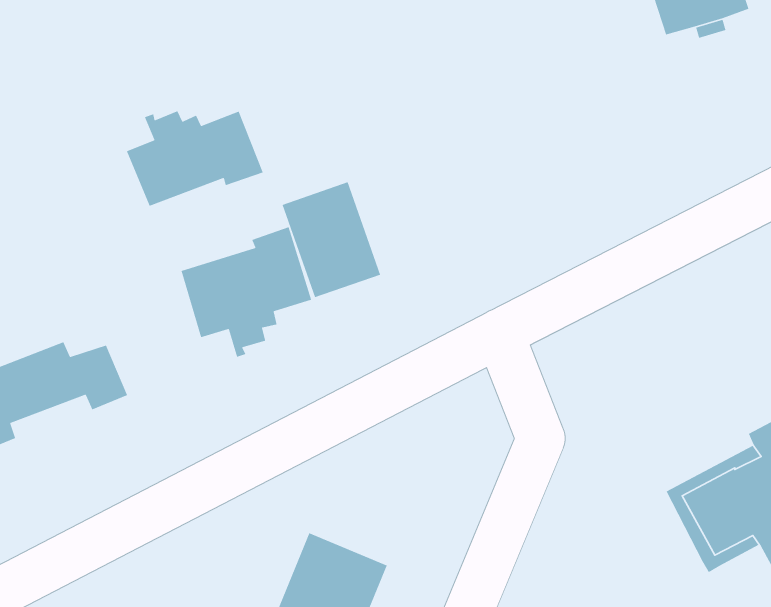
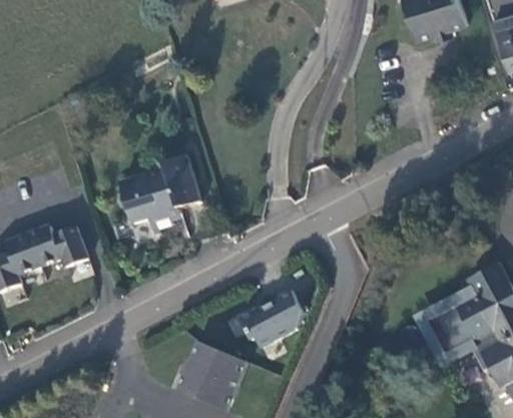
building: [126,110,264,207] -> none
building: [281,181,381,298] -> none
building: none -> [238,291,303,347]

